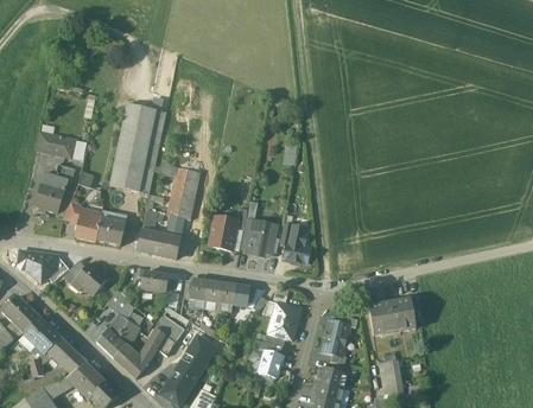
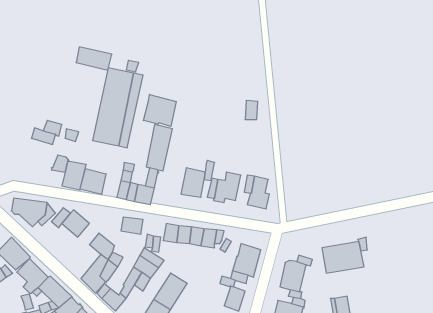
building: [36,130,76,157] -> [76,47,112,70]
building: none -> [144,94,176,126]
building: [33,183,64,213] -> none

